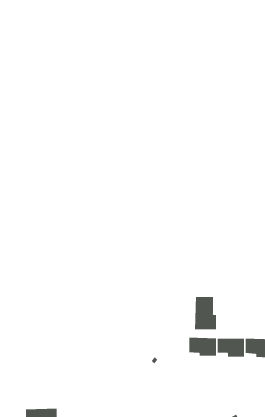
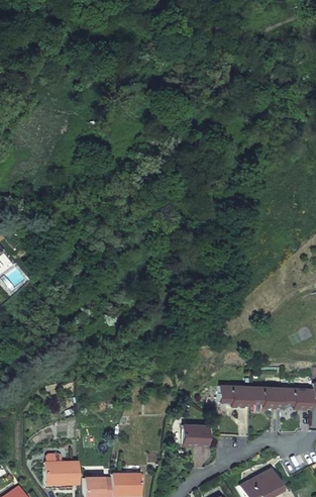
building: [194,296,216,330] -> none
building: none -> [183,426,208,445]

